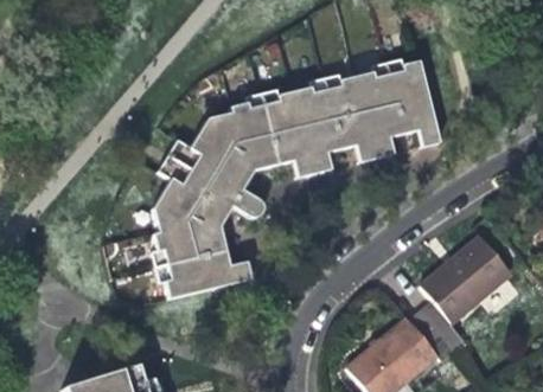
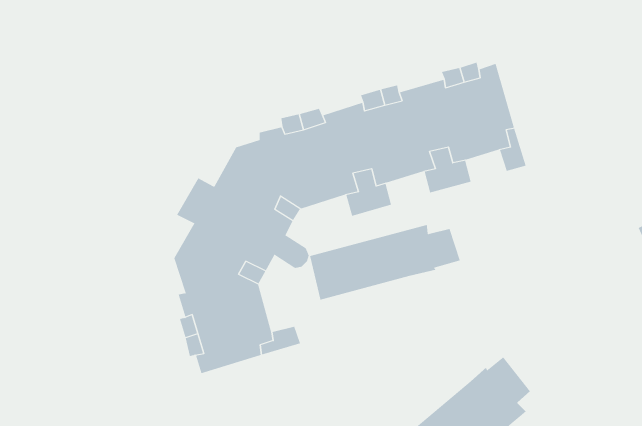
building: none -> [309,224,460,300]
building: [423,225,516,342] -> none

